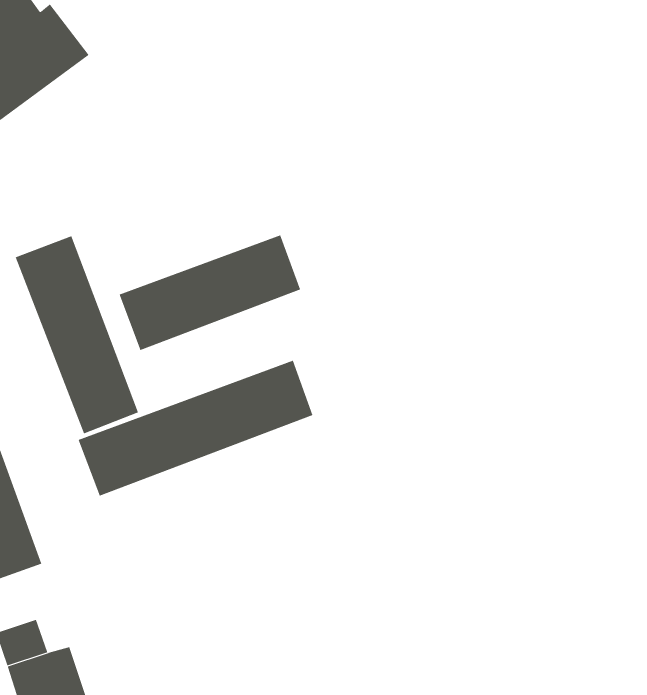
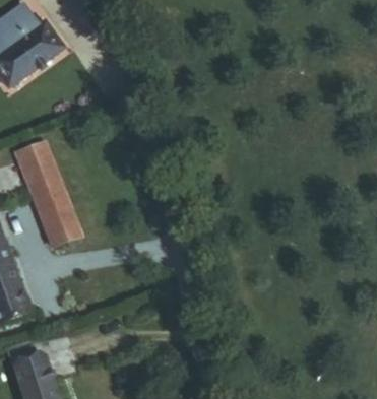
building: [119,235,301,351] -> none
building: [78,360,313,497] -> none

